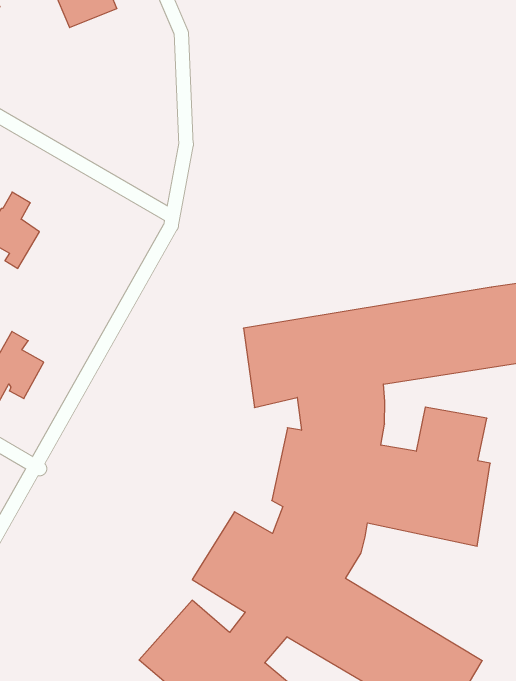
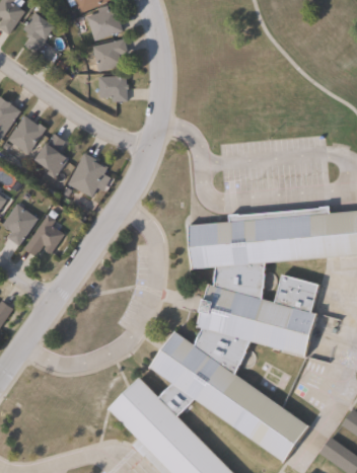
building: none -> [93,40,128,72]
building: none -> [99,76,128,103]
building: none -> [68,152,109,198]

